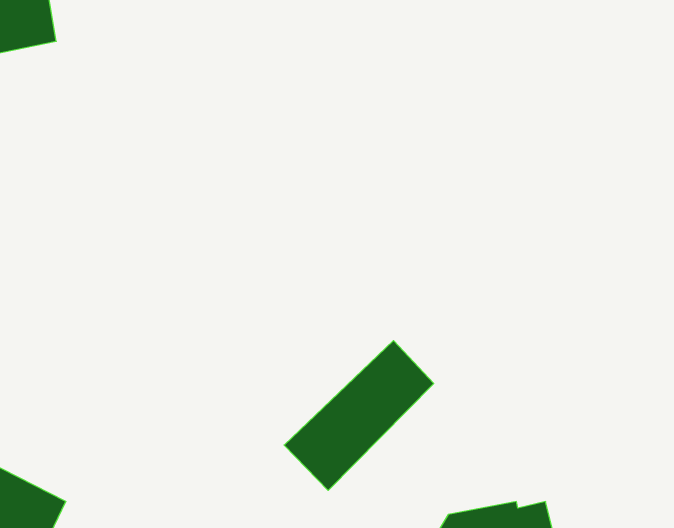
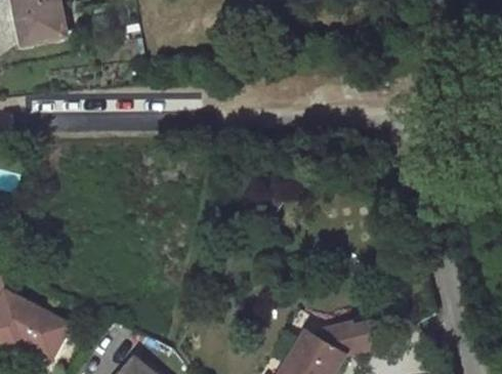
building: [284,341,434,490] -> none

